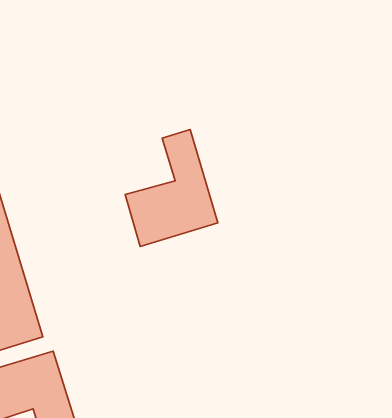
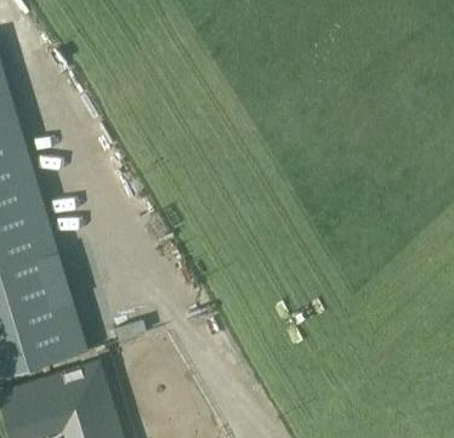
building: [125,130,218,246] -> none

